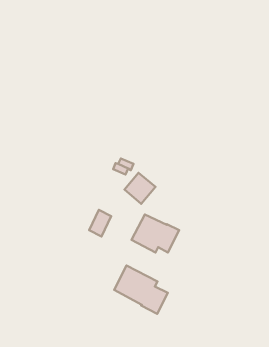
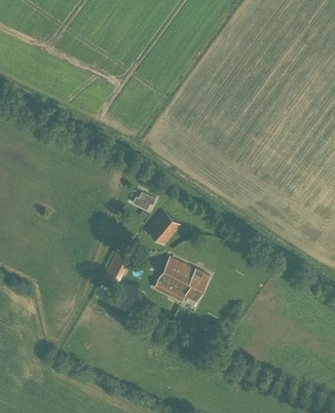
building: [114,266,168,314] -> none

